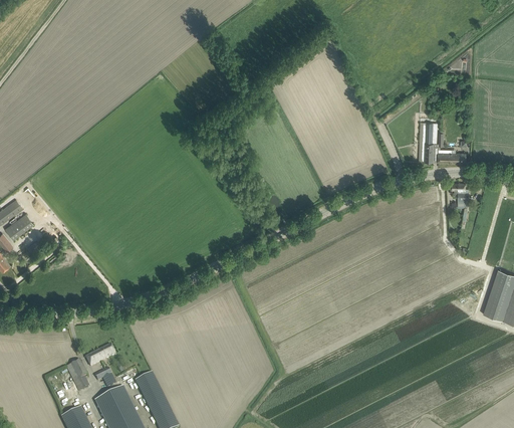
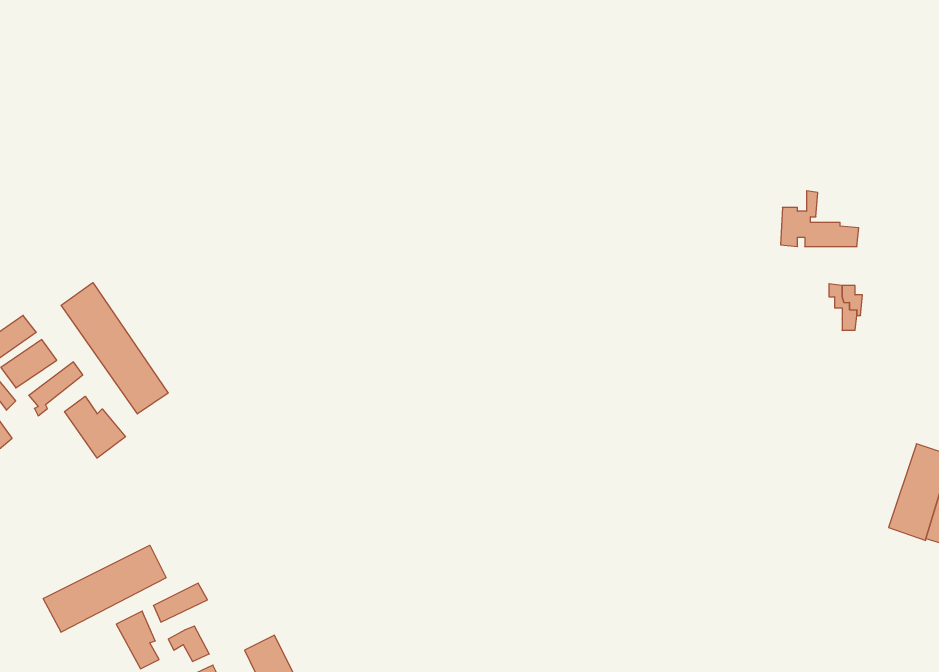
building: none -> [61,283,168,414]
building: none -> [65,396,126,458]
building: none -> [43,545,166,632]

